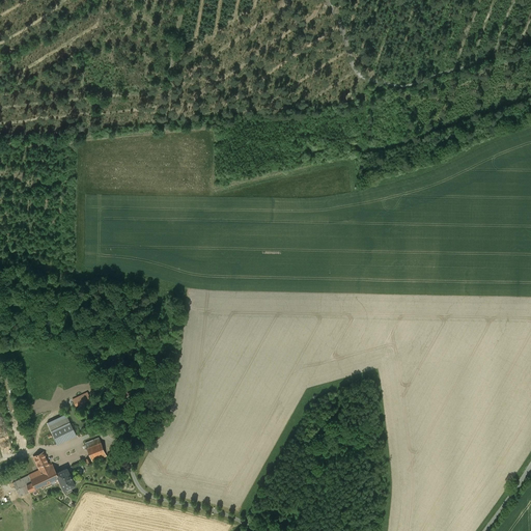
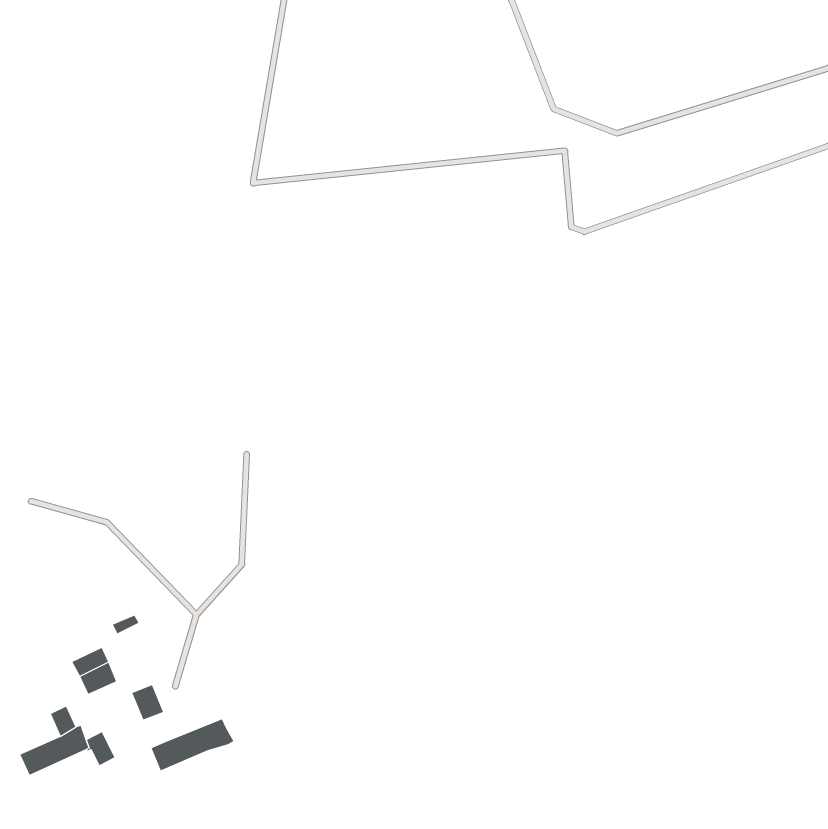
building: none -> [151,719,234,771]

